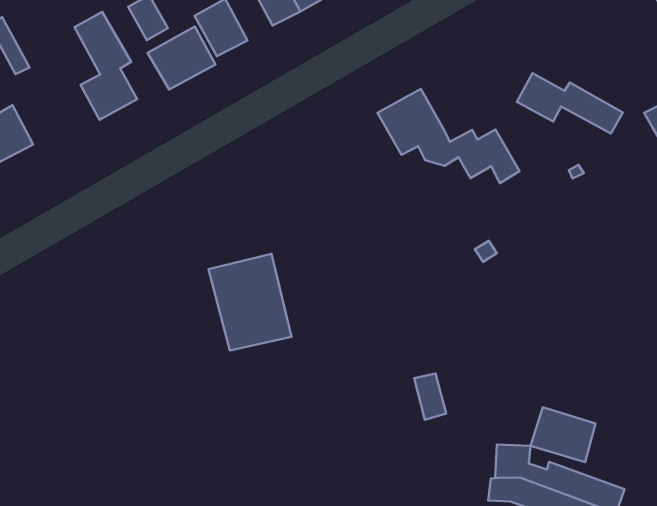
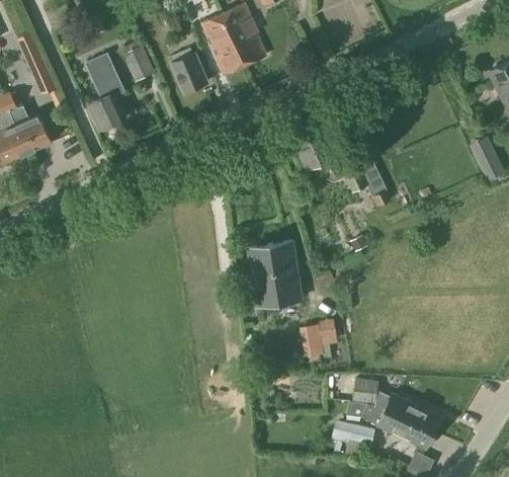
building: [148,26,215,90] -> none
building: [517,73,623,134] -> none
building: [209,254,291,351] -> [248,241,302,306]
building: [530,407,596,462] -> none

